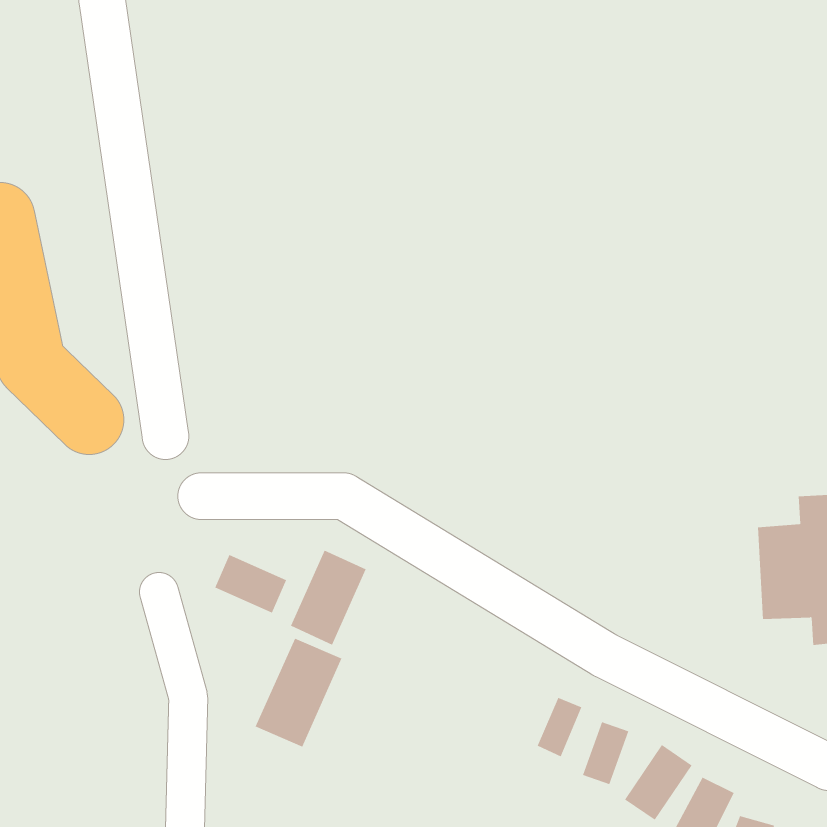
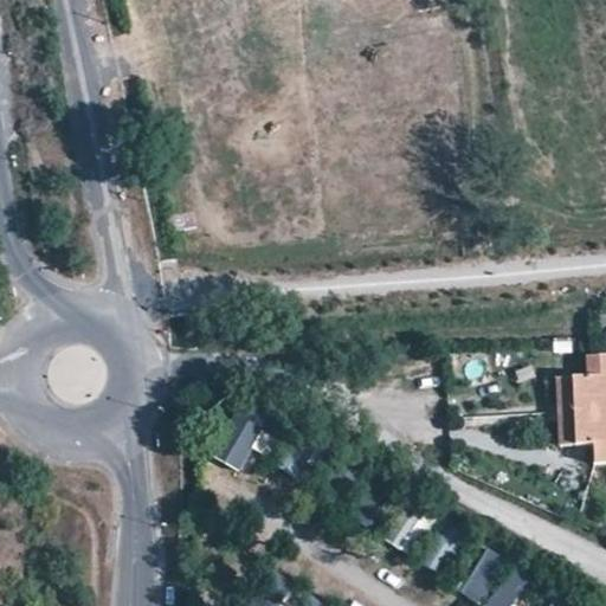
building: [215,554,287,614] -> none
building: [255,638,342,747] -> none

